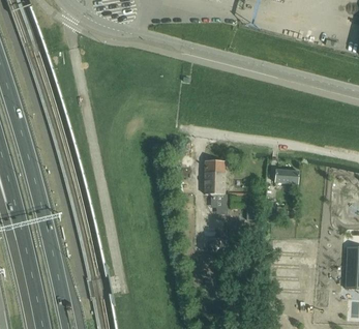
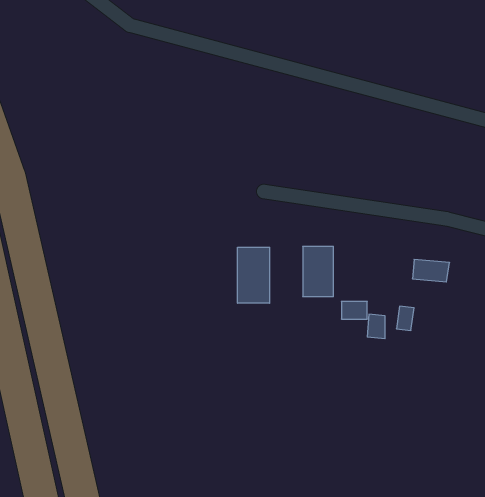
building: none -> [238,247,270,303]

